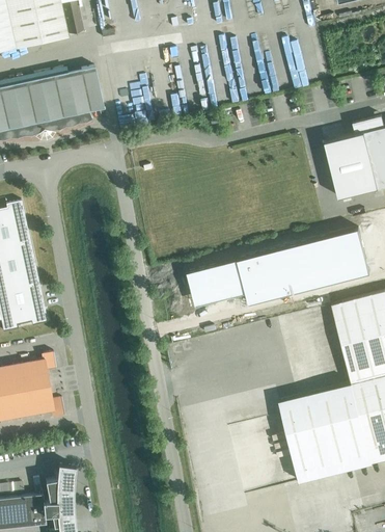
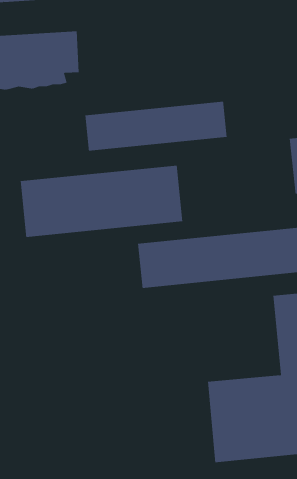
building: none -> [85,101,227,151]
building: none -> [20,165,183,238]

